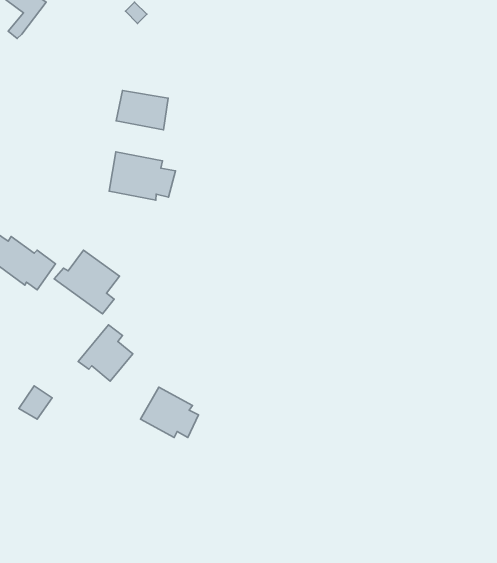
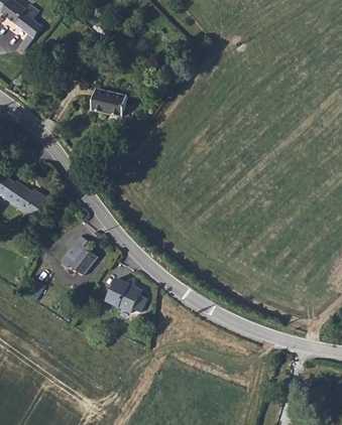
building: [109,152,176,200] -> none
building: [54,250,119,314] -> none

